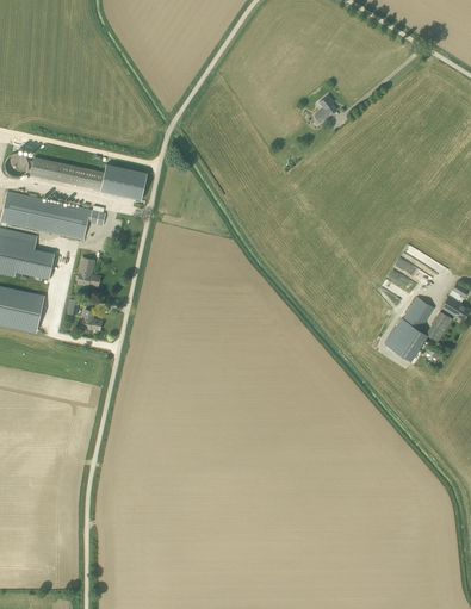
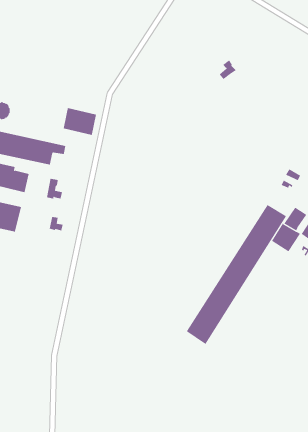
building: [31,157,104,189] -> none
building: none -> [186,204,287,345]

